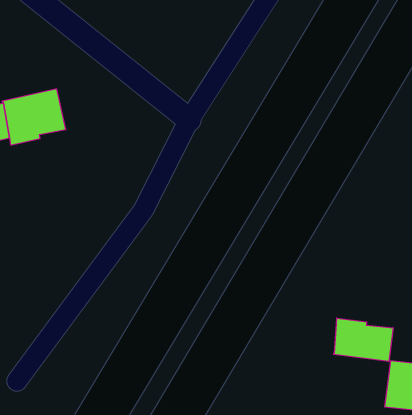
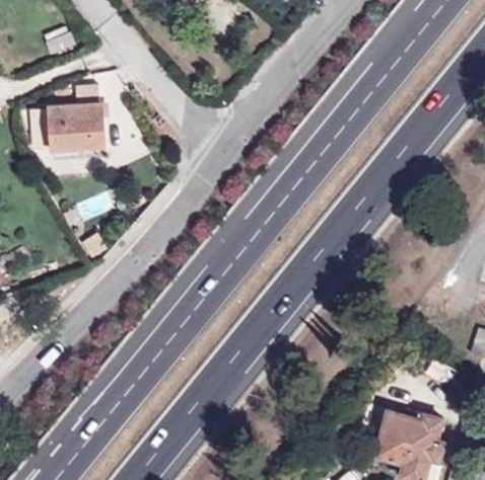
building: [333,318,393,362] -> none

